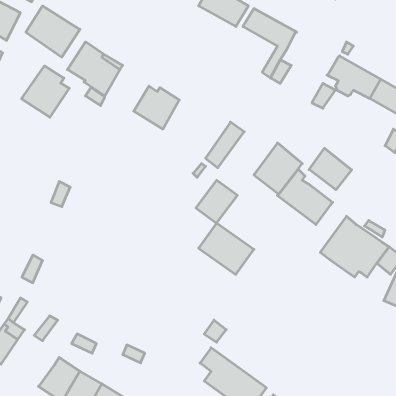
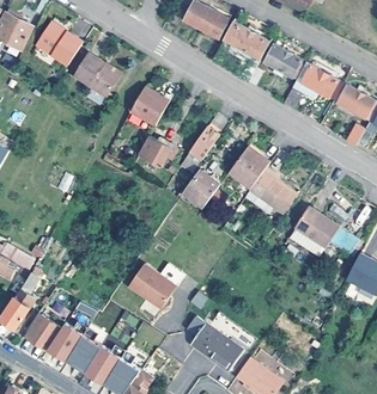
building: none -> [262,43,306,79]
building: [22,66,69,117] -> none
building: none -> [138,136,170,167]
building: [309,148,352,190] -> none
building: [199,223,254,274] -> [129,264,177,308]
building: none -> [25,315,61,351]

